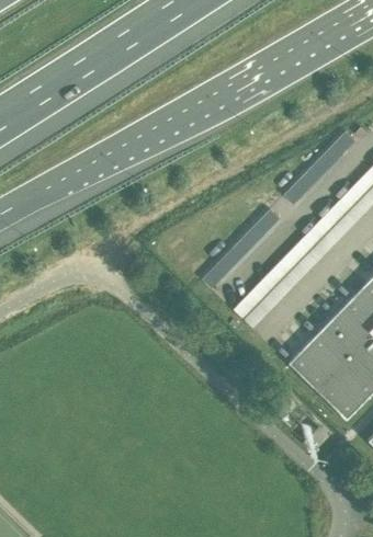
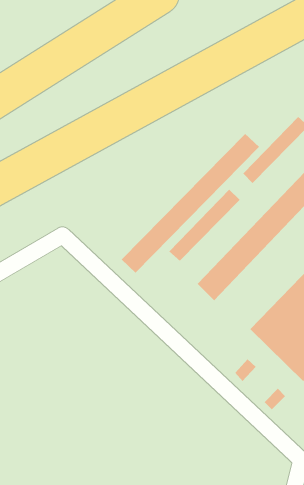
building: none -> [121,133,260,273]

